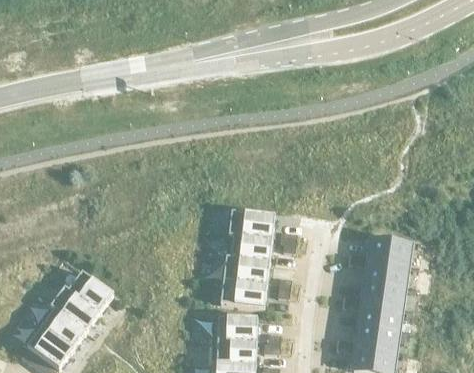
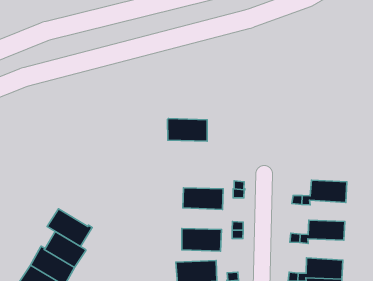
building: [229,208,275,237] -> [168,119,207,141]
building: none -> [47,209,92,246]
building: [223,254,270,282] -> none
building: [365,258,408,285] -> none
building: [359,301,402,328] -> none

